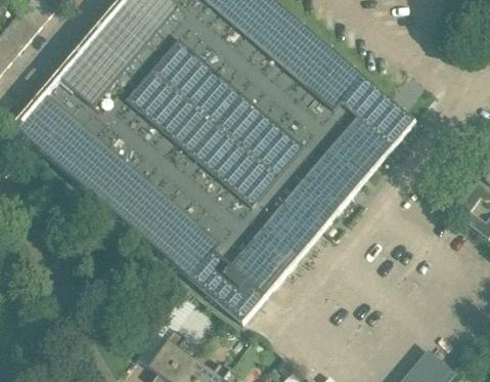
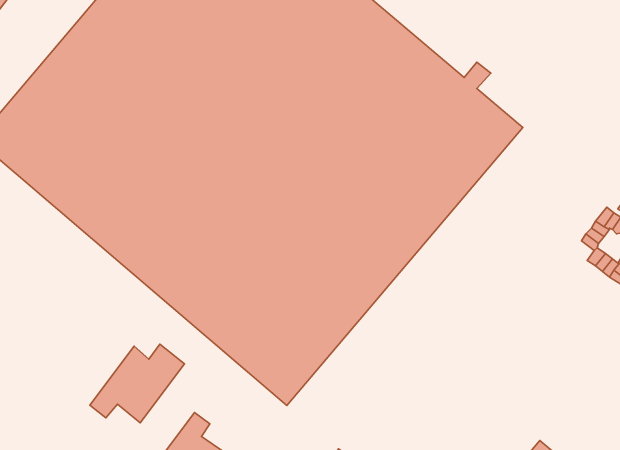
building: none -> [90,344,184,423]

